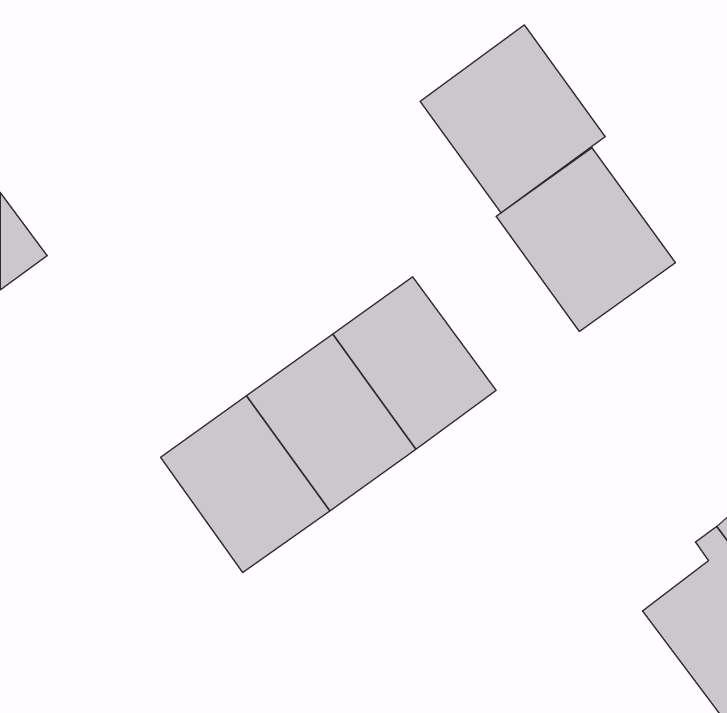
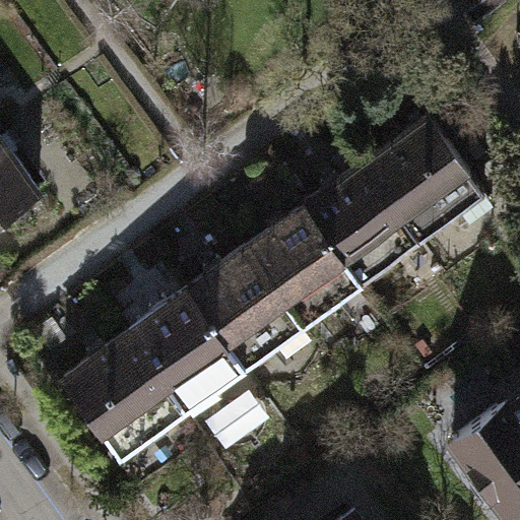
building: [420,25,605,213] -> none
building: none -> [297,168,414,290]
building: none -> [56,338,176,464]

